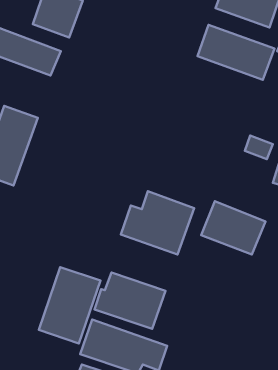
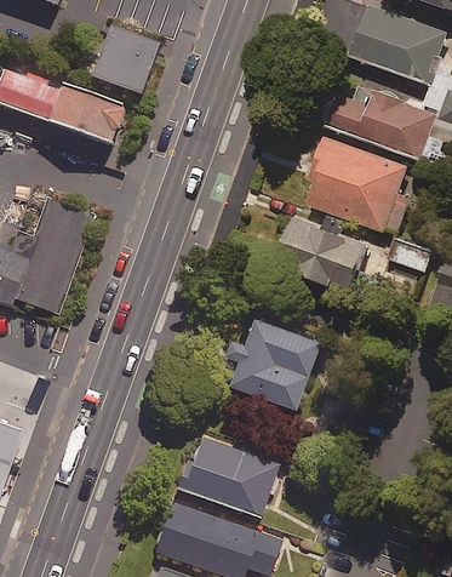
building: none -> [307,136,410,235]
building: [201,201,265,254] -> [275,215,367,291]
building: [39,267,101,344] -> none

